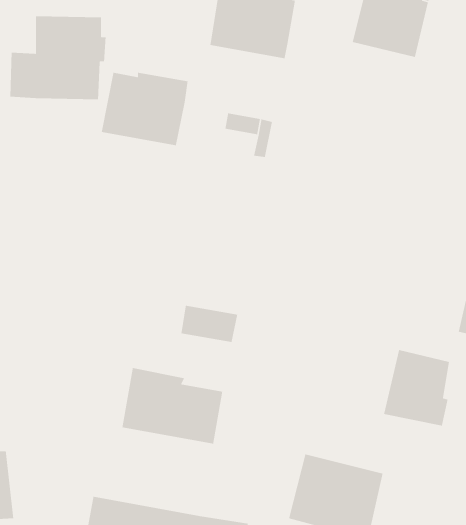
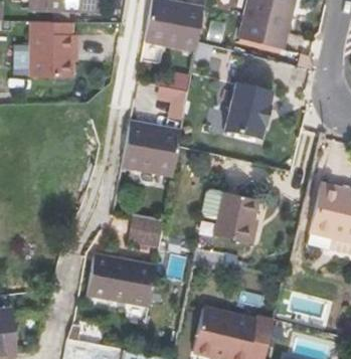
building: [101,72,189,146] -> [121,125,179,174]
building: none -> [223,80,271,138]
building: [383,349,450,427] -> [213,191,257,242]

